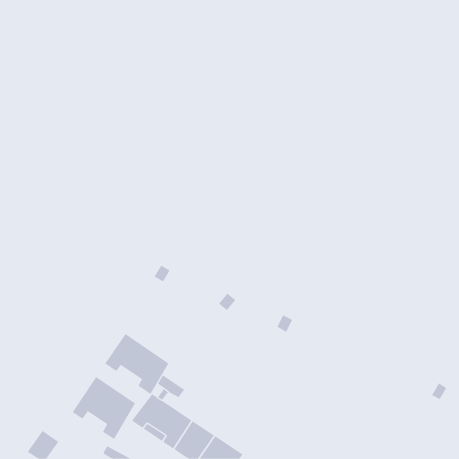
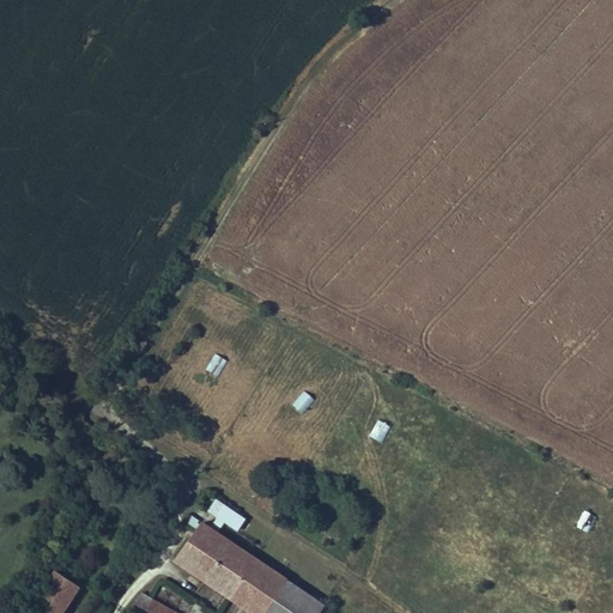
building: [104,333,169,395] -> none
building: [72,376,136,440] -> none

